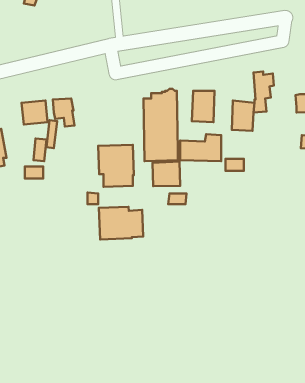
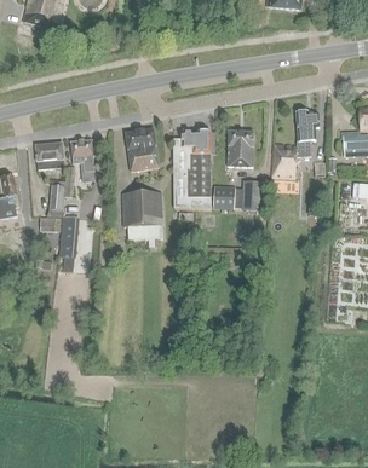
building: none -> [125,128,160,171]
building: [152,161,180,186] -> none
building: none -> [59,215,80,256]
building: [99,207,143,239] -> none

